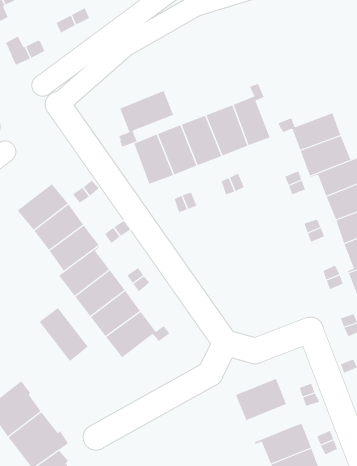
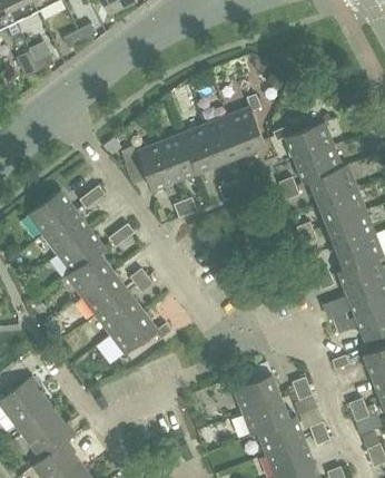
building: [119,90,174,147] -> none
building: [39,307,88,368] -> none
building: none -> [241,397,288,432]

